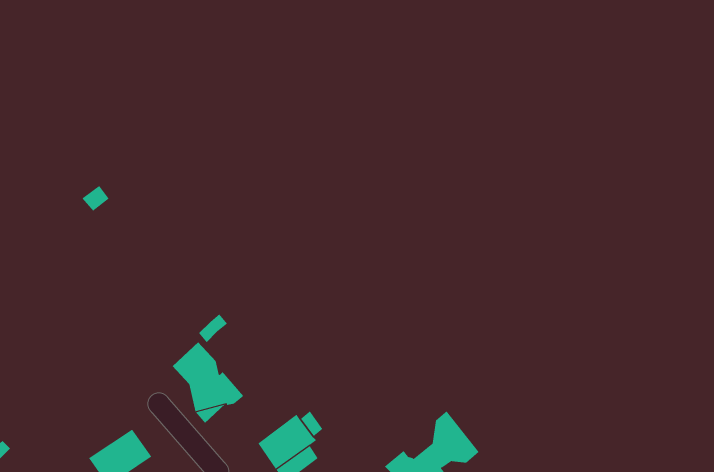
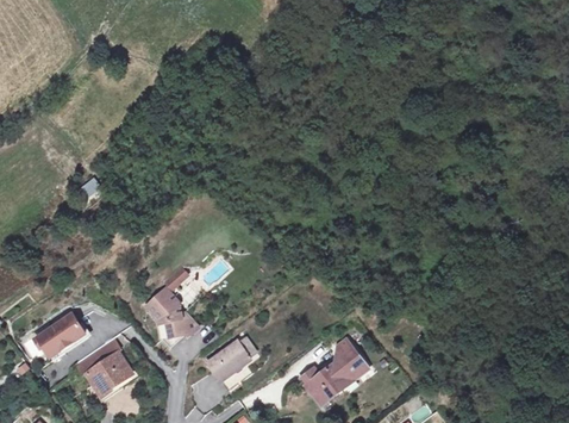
building: none -> [37,313,87,360]

